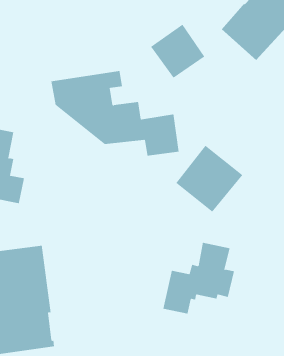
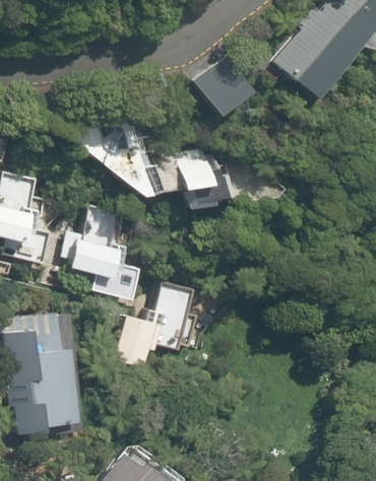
building: [176,145,243,212] -> none
building: none -> [63,207,134,298]
building: [162,242,235,314] -> [115,283,198,366]

